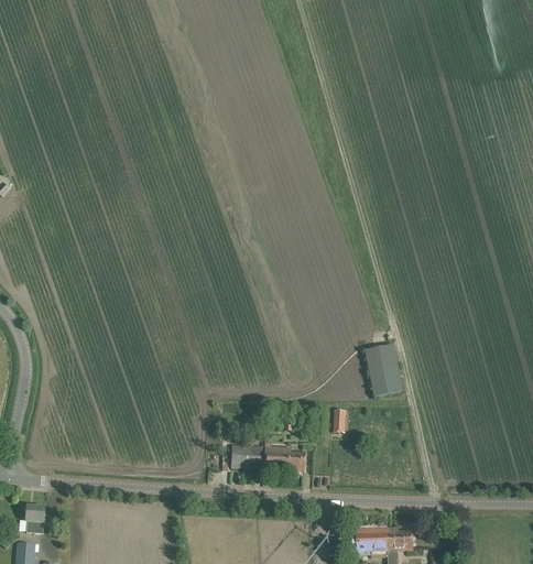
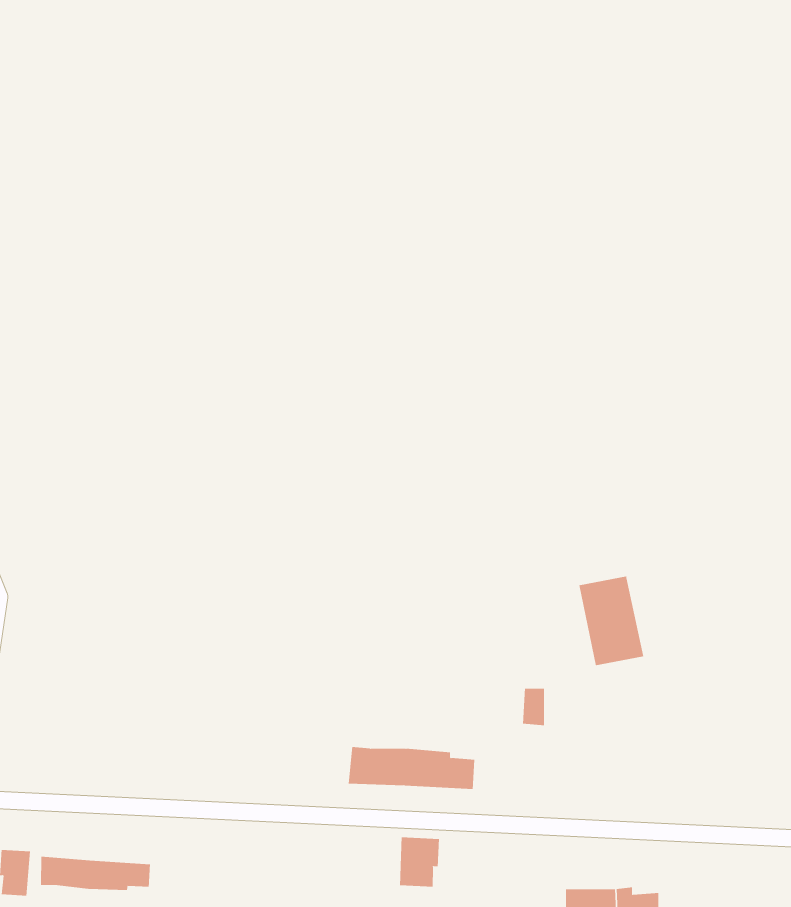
building: none -> [400,836,440,887]
building: none -> [41,856,151,891]

